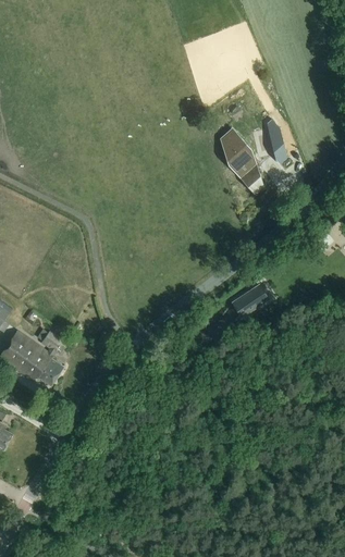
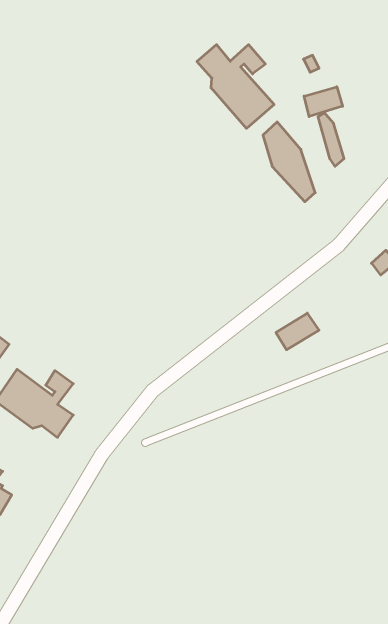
building: none -> [197,45,274,128]
building: none -> [304,87,343,117]

